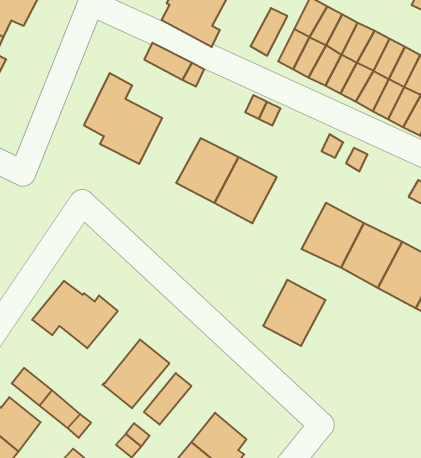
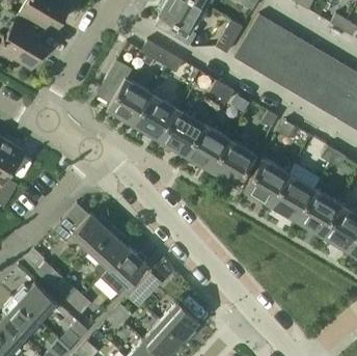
building: none -> [134,93,177,139]
building: [263,280,326,346] -> [211,139,255,186]
building: none -> [90,226,128,276]

